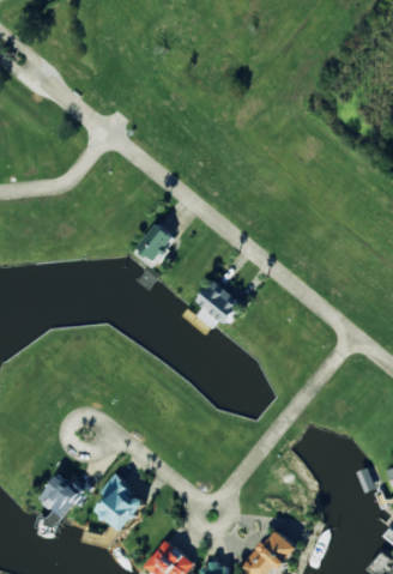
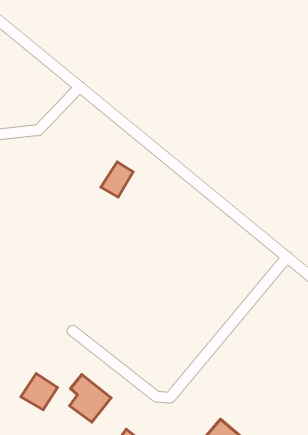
building: [195,280,241,327] -> none

